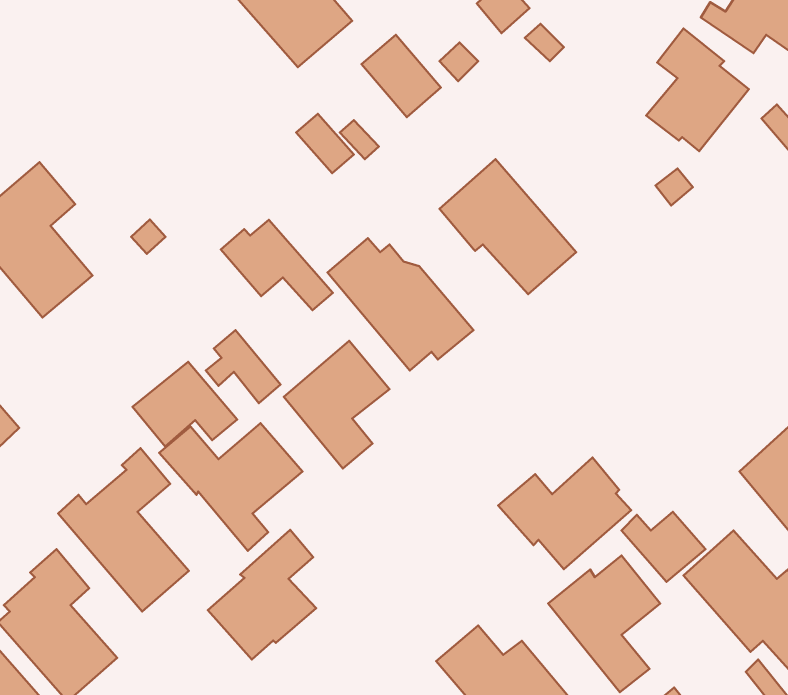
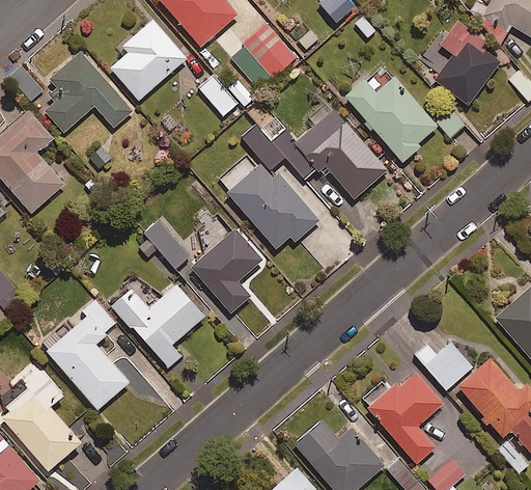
building: none -> [110,19,187,100]
building: none -> [46,52,132,133]
building: none -> [345,63,437,161]
building: [221,220,333,310] -> [244,119,318,180]
building: [133,362,237,446] -> none
building: [498,458,631,569] -> none
building: [208,530,316,659] -> none

